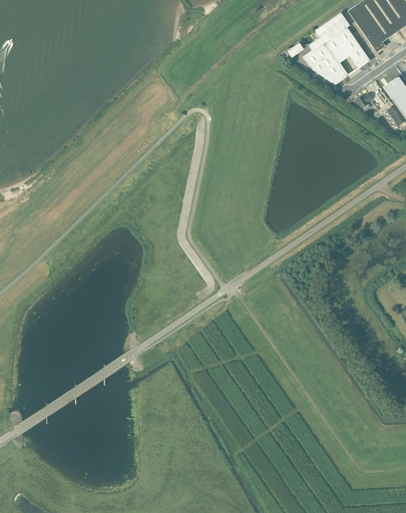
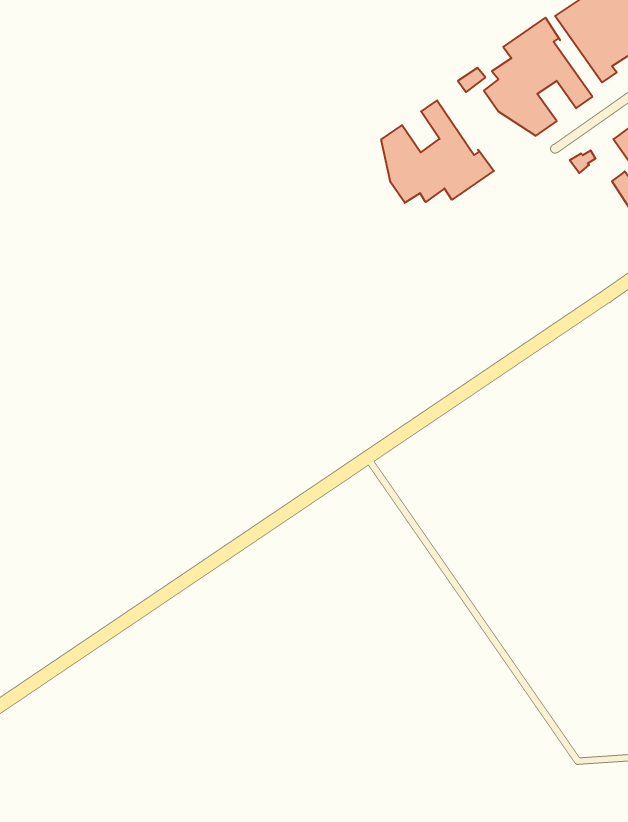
building: none -> [381,100,494,203]

